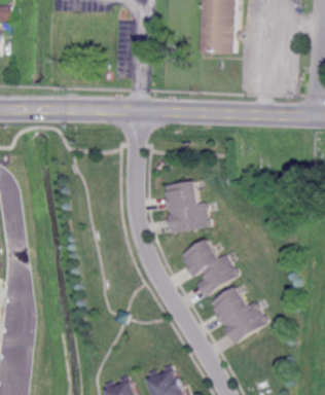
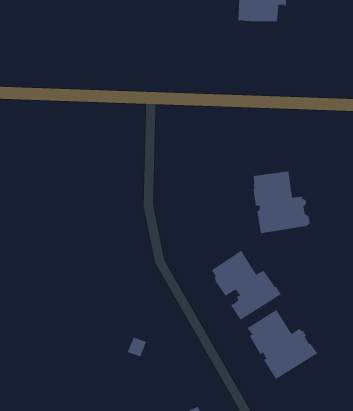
building: [161,182,209,234] -> [253,171,311,234]

